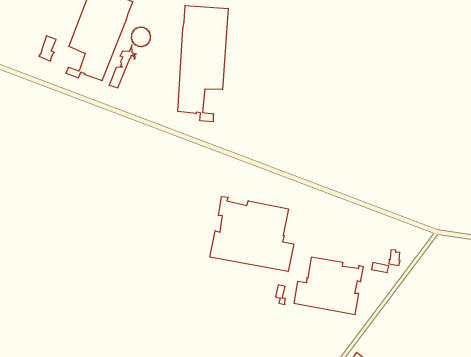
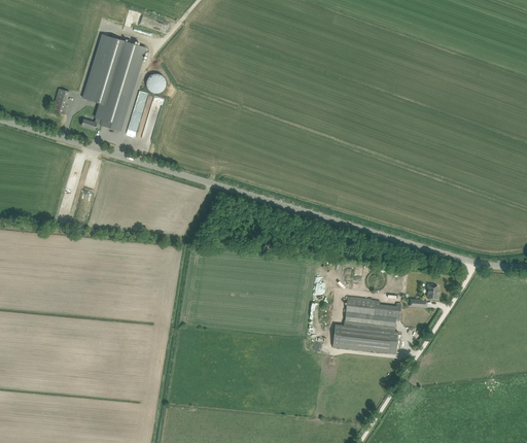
building: [178,5,228,122] -> none
building: [210,197,294,272] -> none

